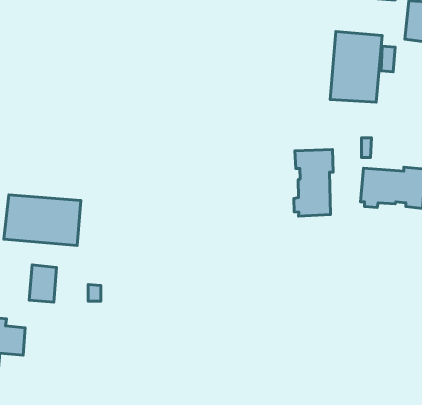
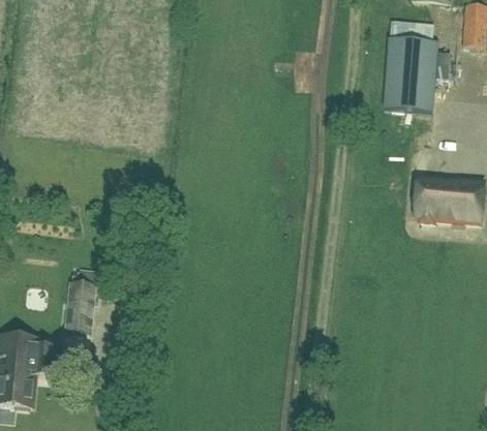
building: [294,149,333,216] -> none
building: [4,195,81,245] -> none

